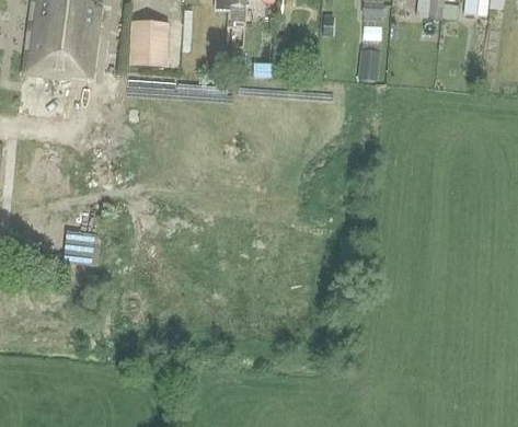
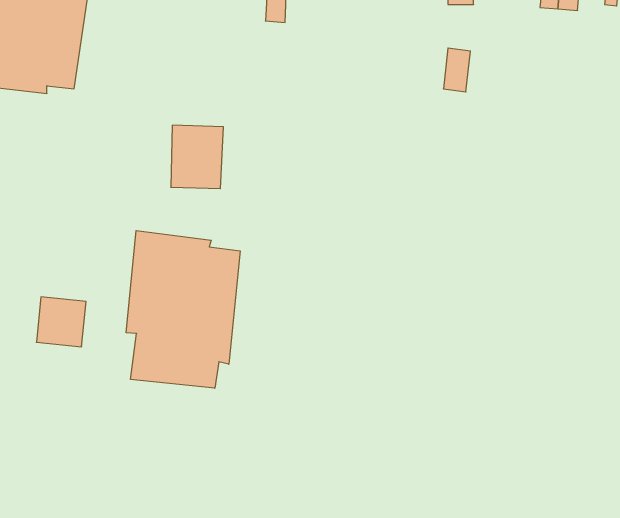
building: [130,19,169,65] -> [171,125,223,189]
building: none -> [126,231,240,388]

